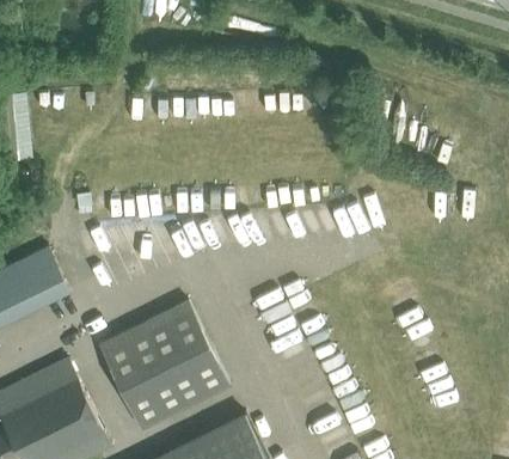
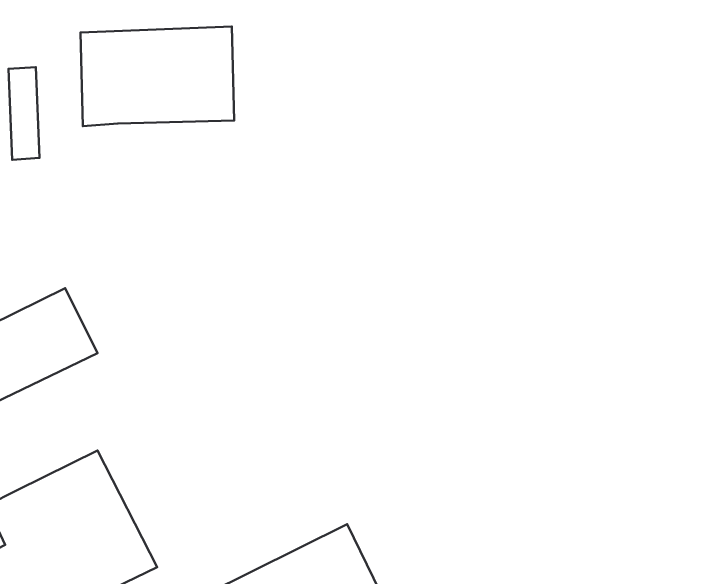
building: none -> [81,27,234,126]
building: [98,300,227,426] -> none

